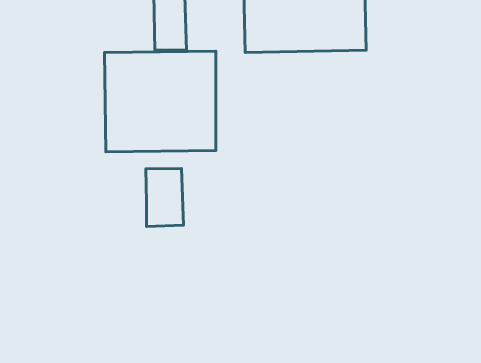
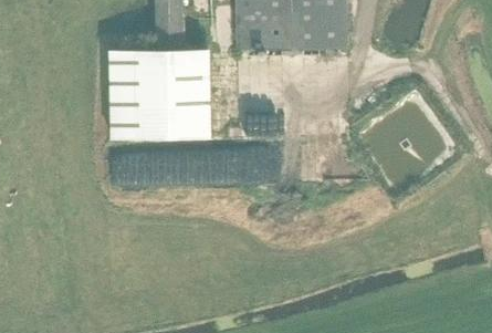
building: [146,169,183,226] -> none

